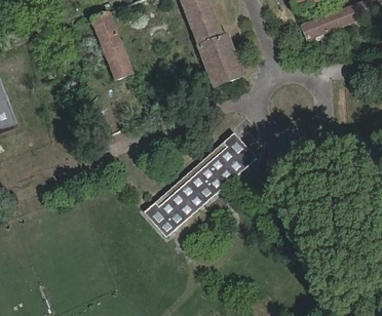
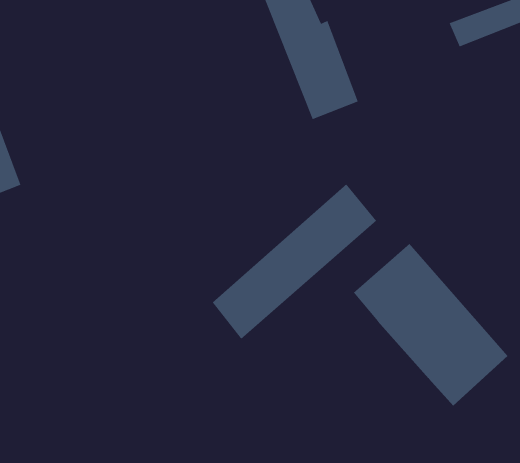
building: [90,15,129,81] -> none
building: none -> [353,243,508,407]

